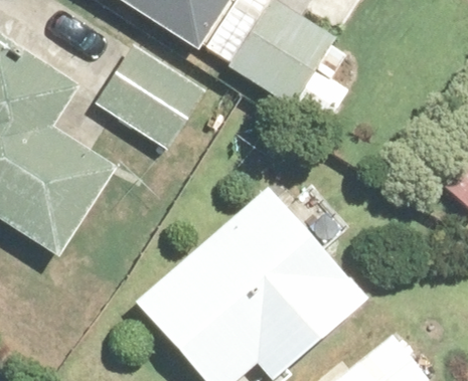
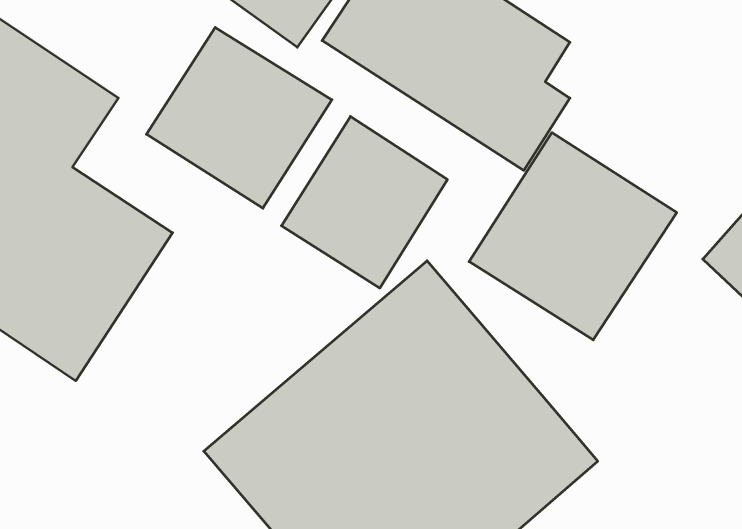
building: none -> [281,116,447,288]
building: none -> [469,133,677,340]

